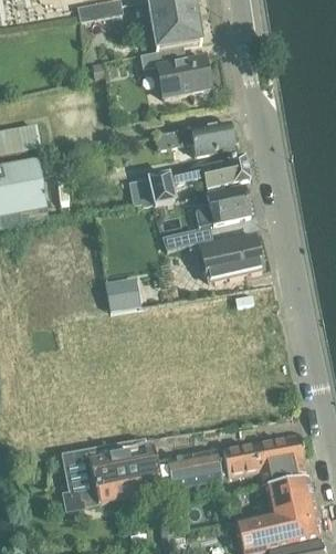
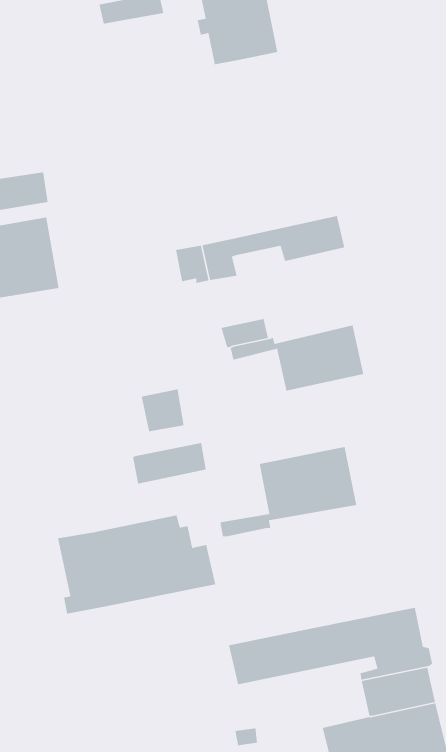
building: [139,46,211,98] -> none
building: [155,122,237,155] -> none
building: [196,186,251,227] -> none
building: none -> [132,442,209,484]
building: none -> [220,446,357,537]
building: [61,439,174,510] -> [57,514,216,614]

